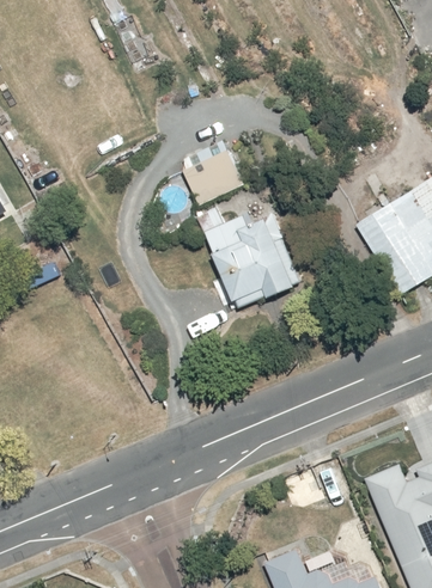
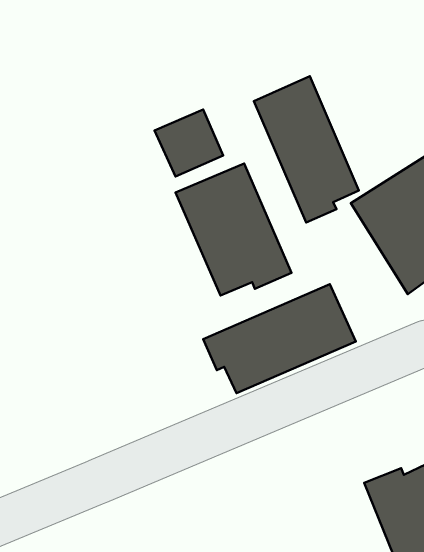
building: none -> [254,76,359,223]
building: none -> [203,284,356,393]

